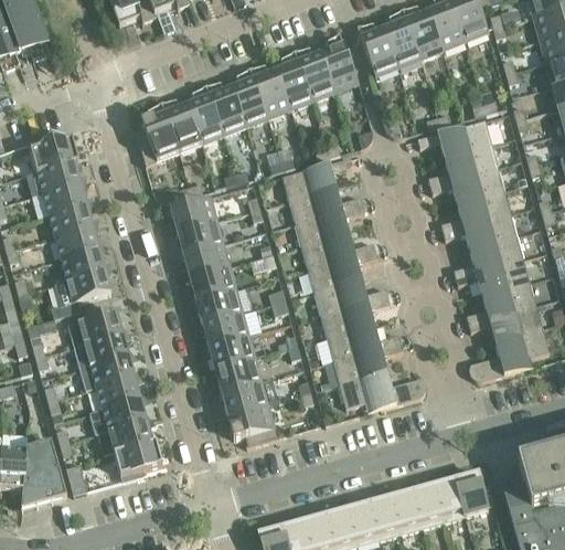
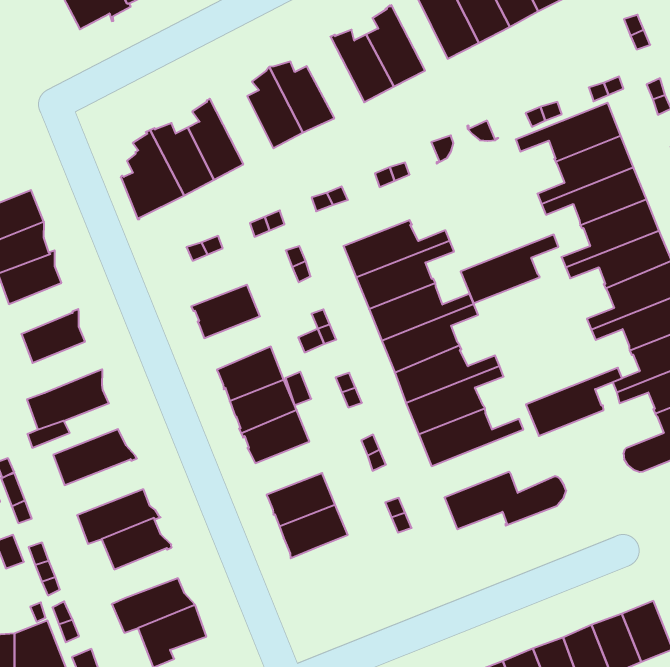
building: [276,52,313,109] -> none
building: [205,83,246,135] -> none
building: [281,158,352,200] -> [461,235,558,303]
building: [170,195,217,231] -> none
building: [49,203,93,237] -> none
building: [183,243,230,277] -> none
building: [61,246,105,281] -> none
building: [74,334,132,369] -> none
building: [210,335,256,369] -> none
building: [333,342,403,384] -> [526,368,622,436]
building: [103,399,151,431] -> none
building: [227,403,279,447] -> none

